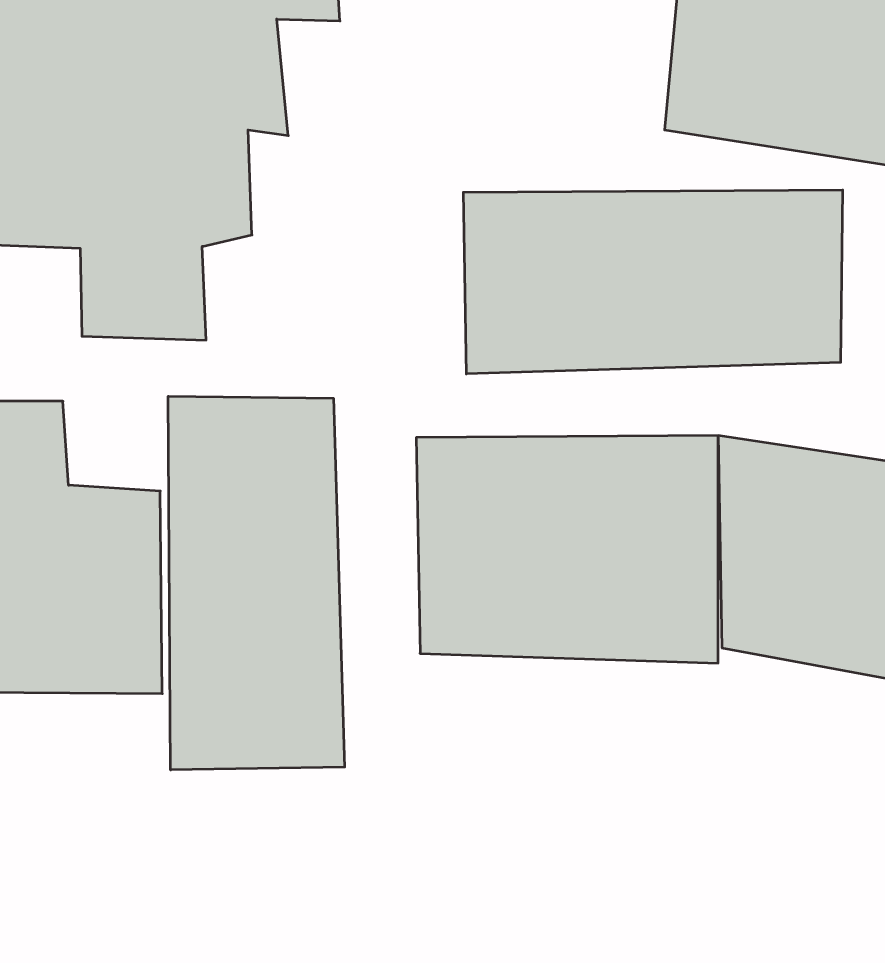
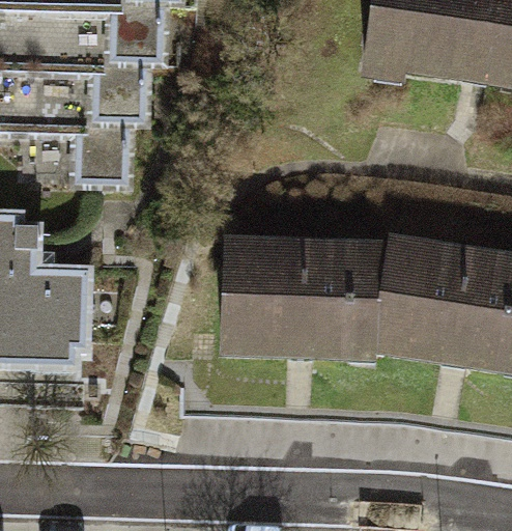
building: [463,190,843,374] -> none
building: [168,396,345,770] -> none

